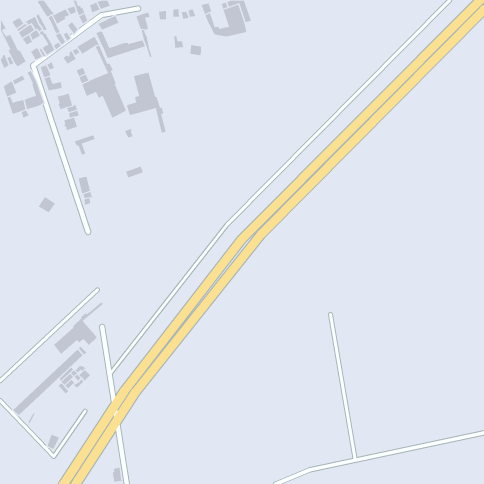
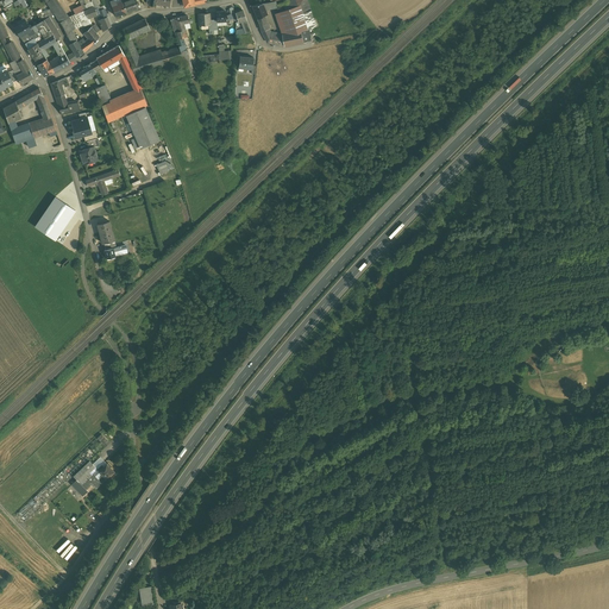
building: [126,72,166,134] -> none
building: none -> [36,197,75,240]
building: [53,301,104,355] -> none

